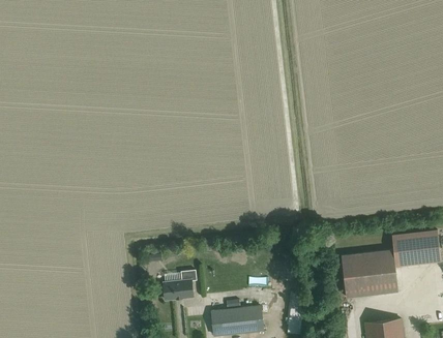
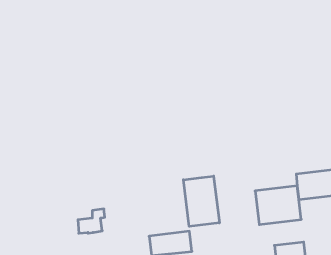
building: none -> [183,176,219,226]
building: [163,269,196,299] -> [78,209,105,233]

